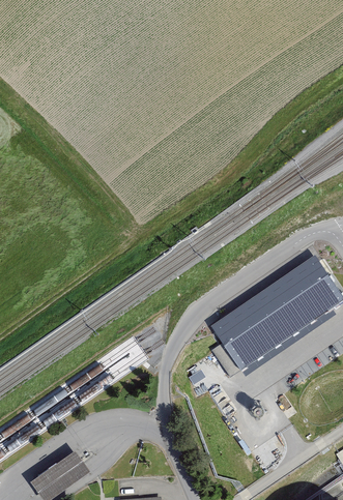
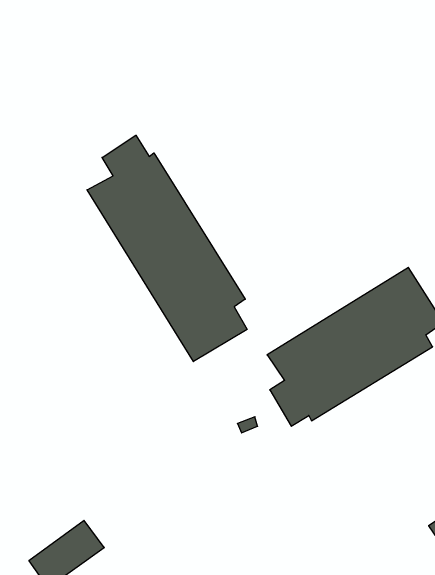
building: none -> [87,135,247,362]

